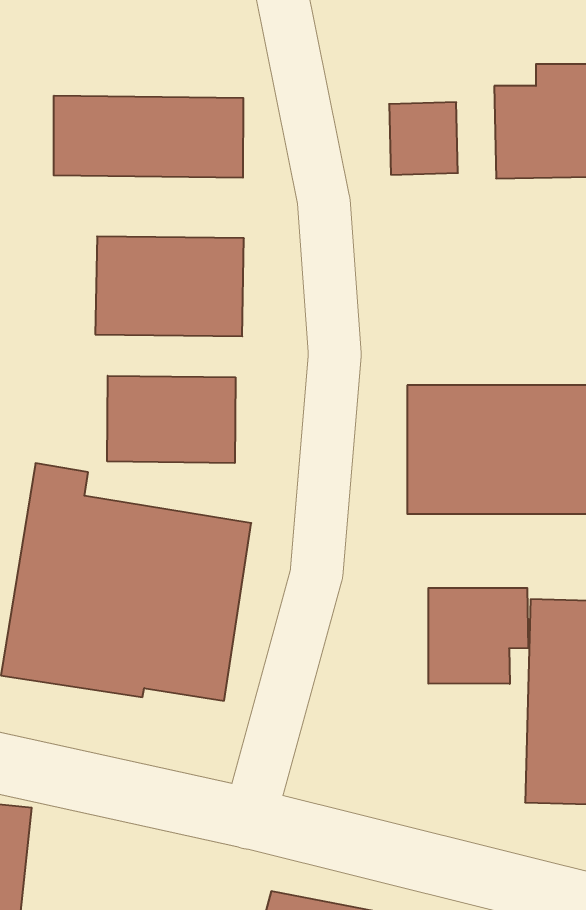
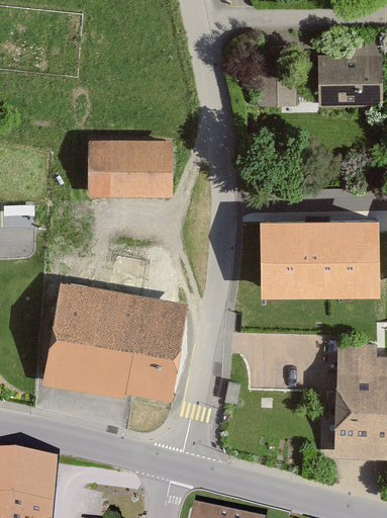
building: [54,96,243,178] -> none
building: [107,376,235,463] -> none
building: [428,588,528,684] -> none

